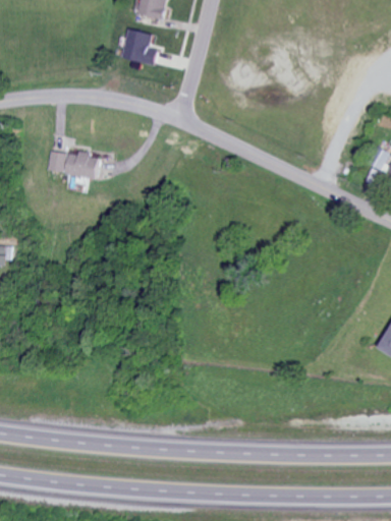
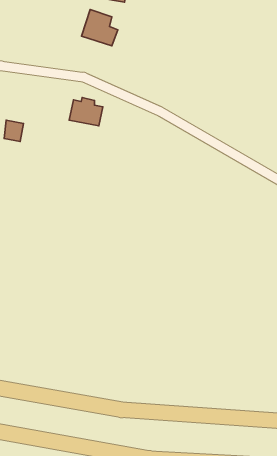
building: [64,150,99,178] -> [69,98,103,126]

